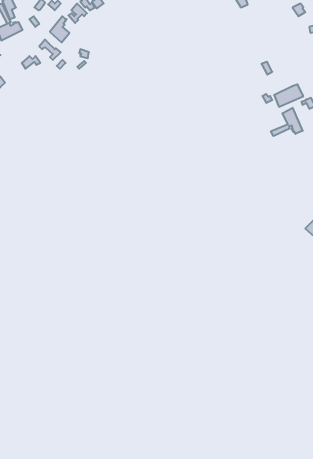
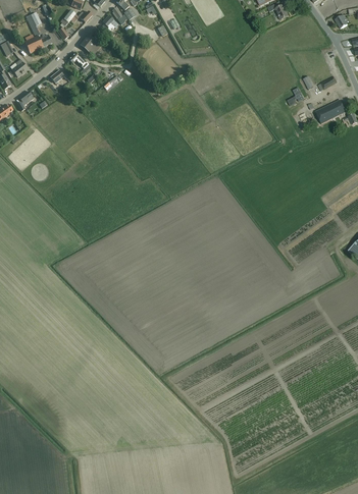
building: [271,108,303,136] -> none

